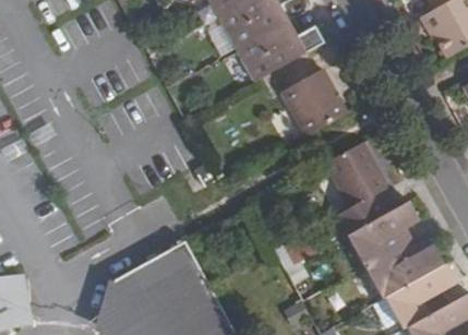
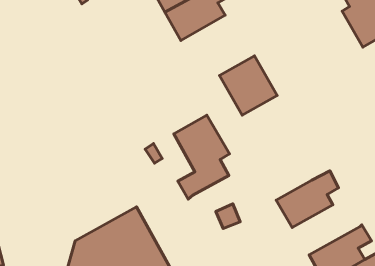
building: [237,21,323,82] -> none
building: [325,142,389,239] -> [174,115,230,199]
building: [367,240,444,298] -> none

